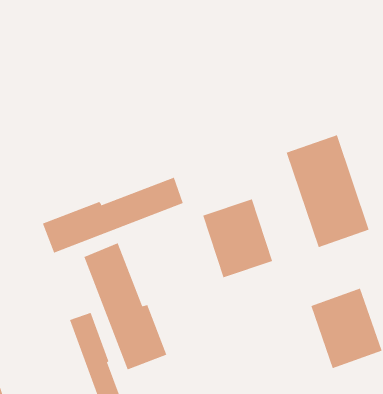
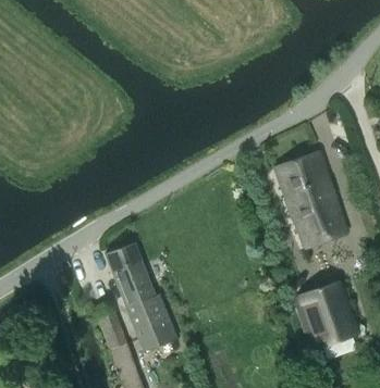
building: [42,177,184,253] -> none
building: [202,198,273,278] -> none

